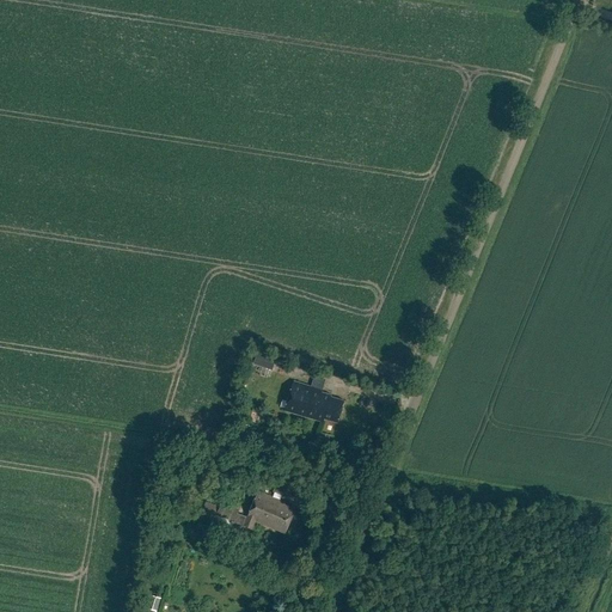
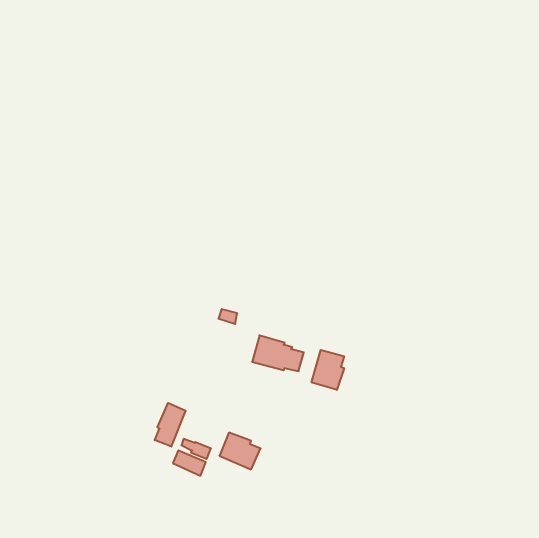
building: none -> [312,350,344,390]
building: none -> [155,403,186,447]

